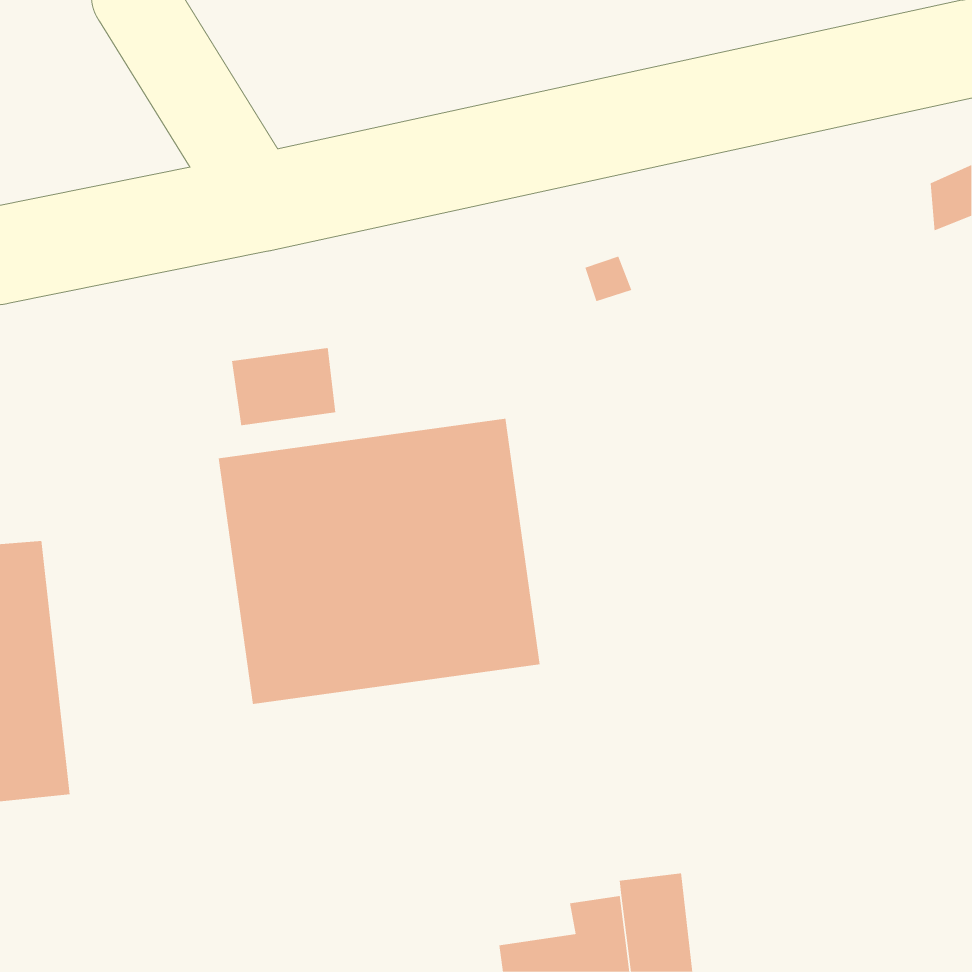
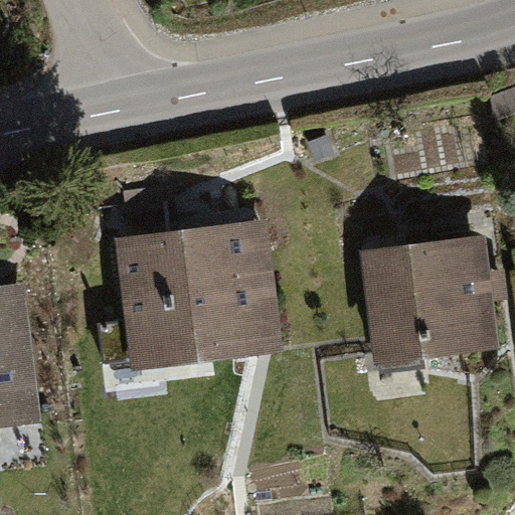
building: none -> [361,235,499,361]

